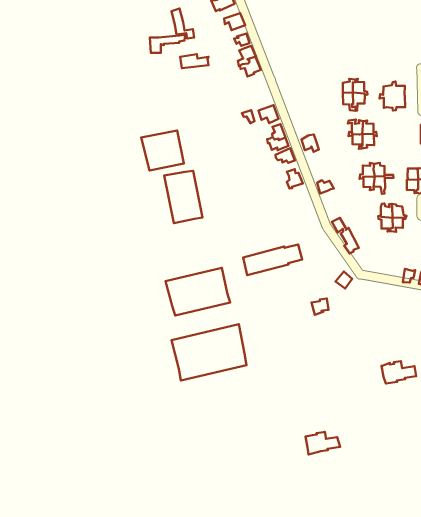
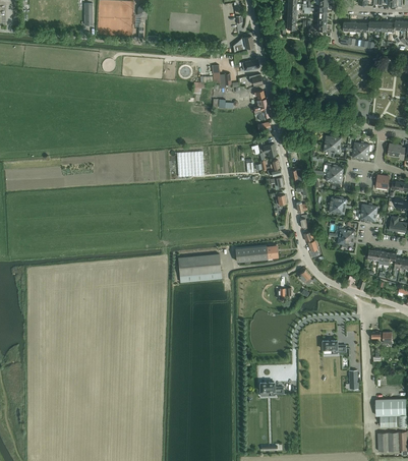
building: [164,171,203,223] -> none
building: [171,324,246,381] -> none

